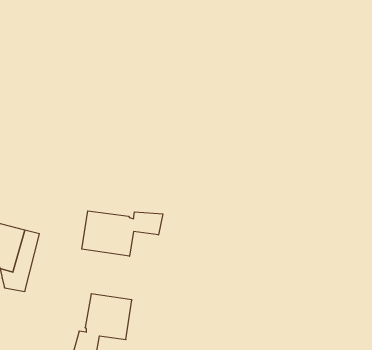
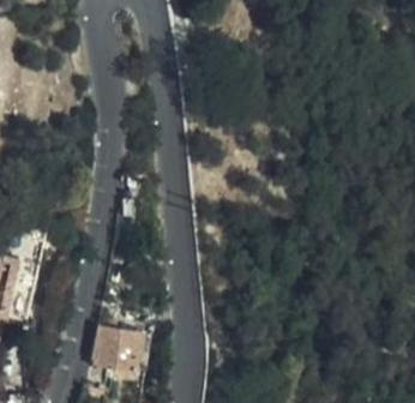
building: [82,211,163,256] -> none

